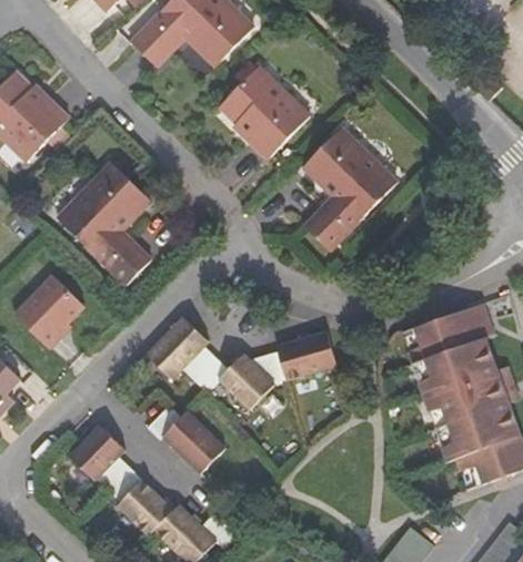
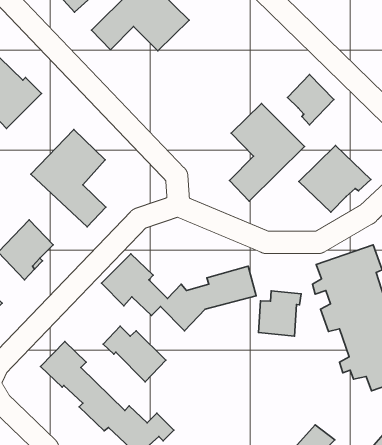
building: [217,61,310,157] -> none
building: none -> [288,75,334,125]
building: none -> [299,145,371,212]
building: none -> [258,291,301,336]

